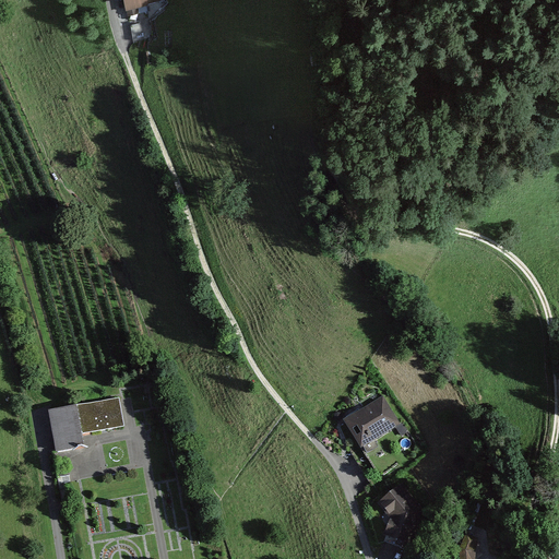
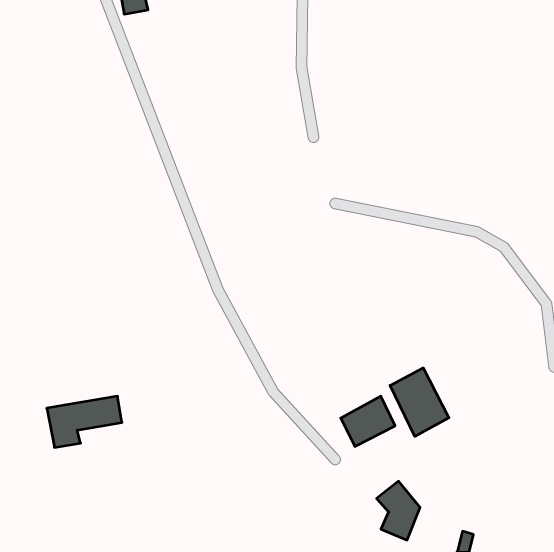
building: none -> [390,368,449,436]

